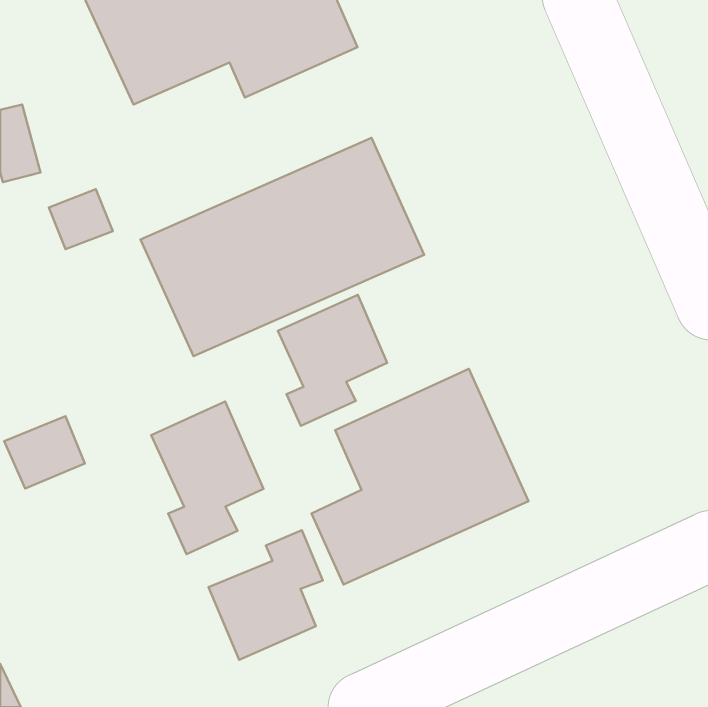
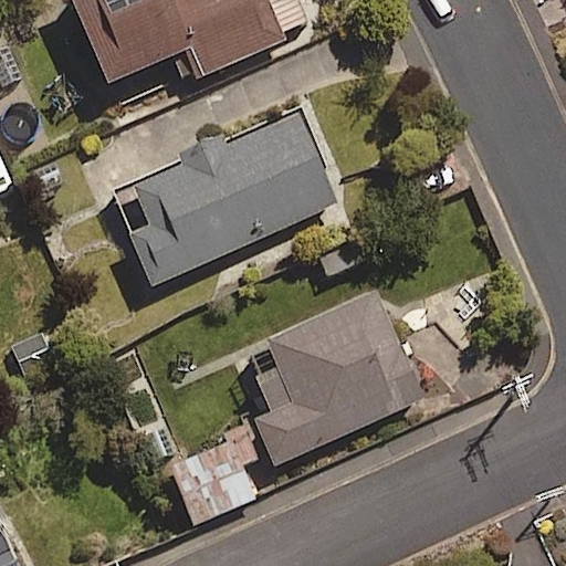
building: [278,295,387,426] -> none
building: [151,402,263,554] -> none

